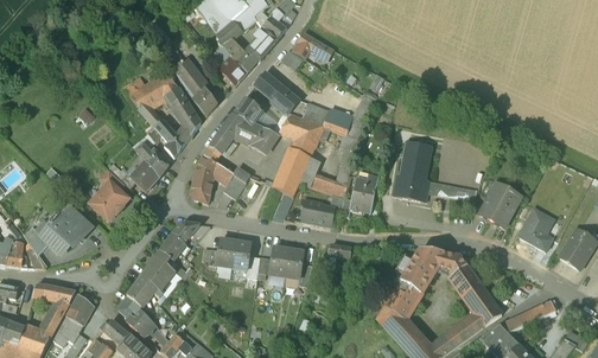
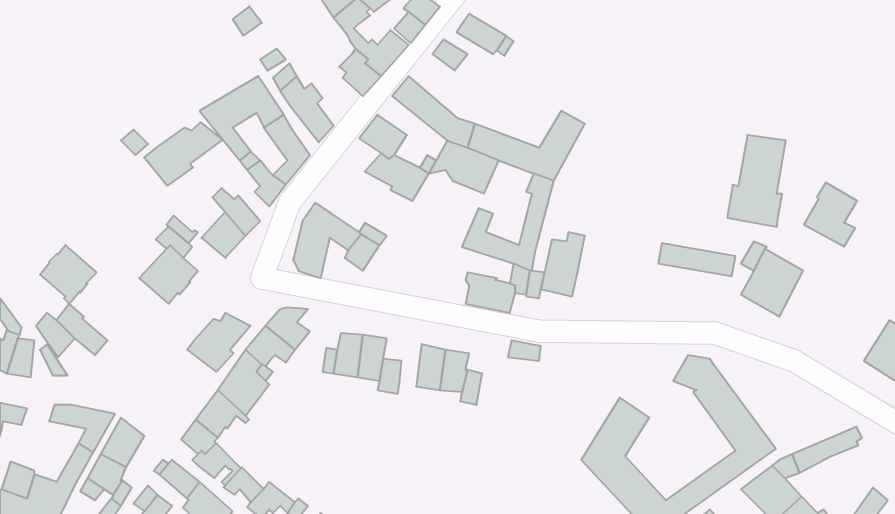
building: none -> [144,122,222,186]
building: [204,113,247,161] -> none
building: [273,140,313,196] -> none
building: [393,142,431,202] -> [727,135,786,227]
building: [519,209,553,250] -> [804,182,857,247]
building: [53,210,90,248] -> [40,245,97,304]
building: none -> [187,313,251,372]
building: [395,248,445,293] -> none

